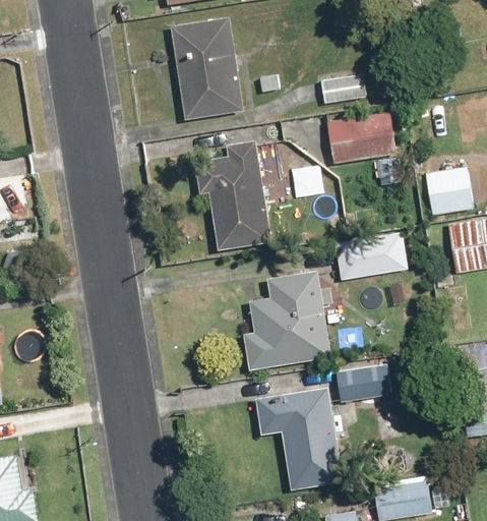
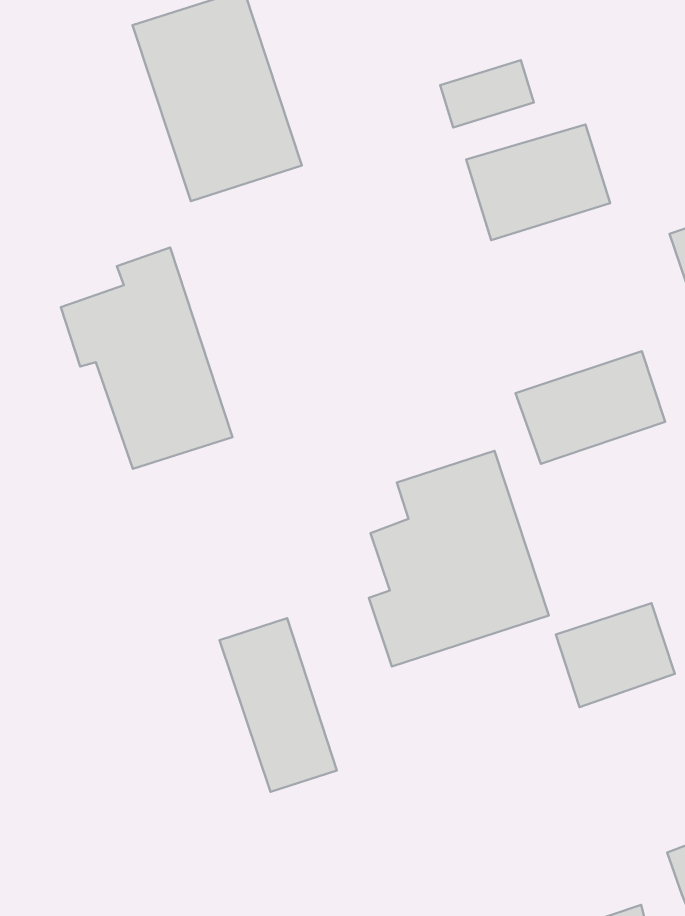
building: [195,140,271,249] -> [61,248,233,469]
building: none -> [219,618,337,792]
building: [257,391,342,493] -> none

